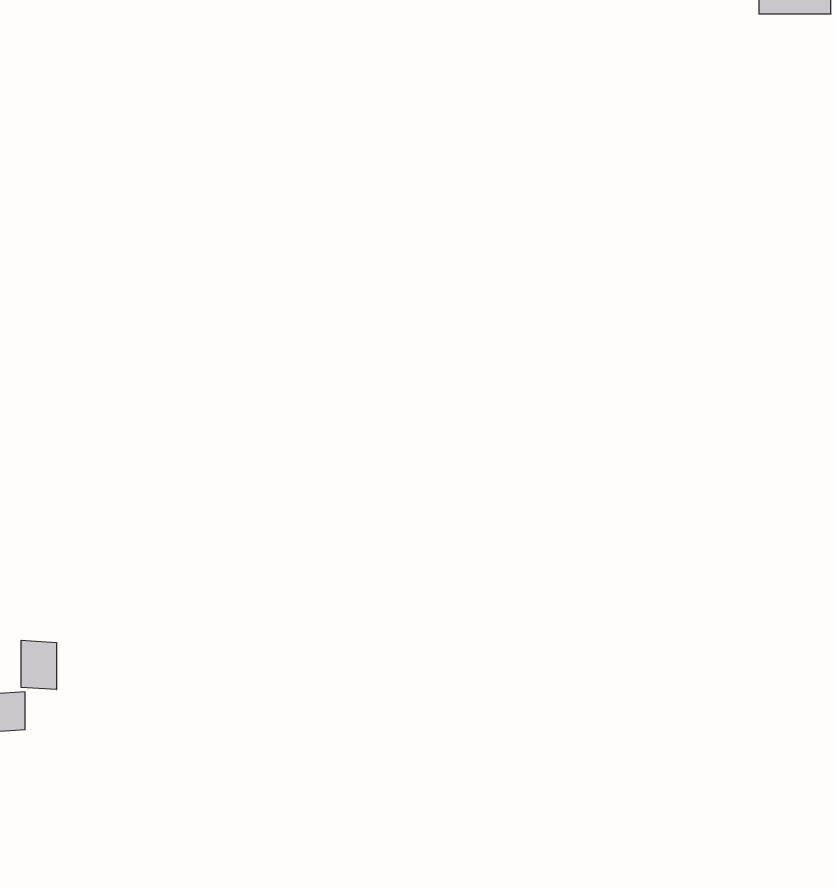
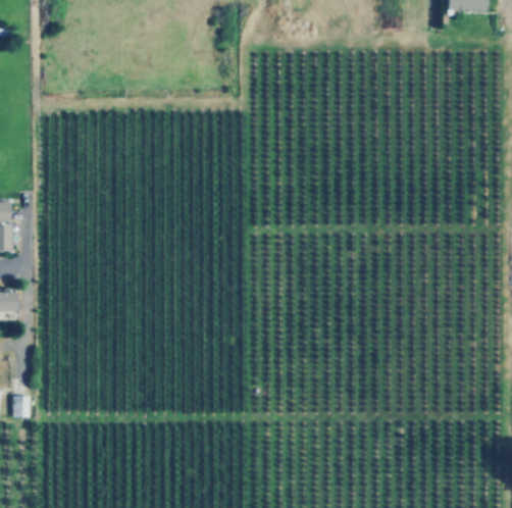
building: [21,640,56,690] -> none

